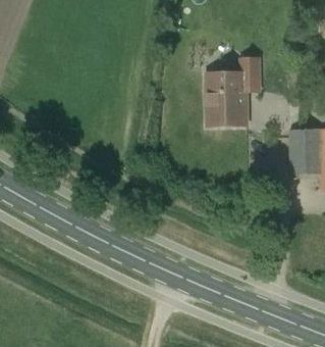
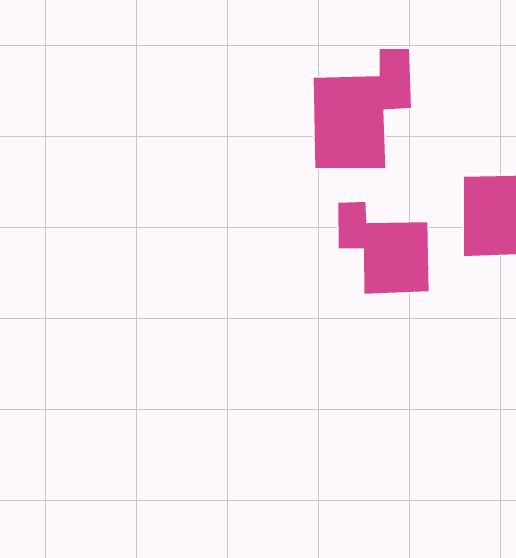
building: none -> [337,201,430,294]

